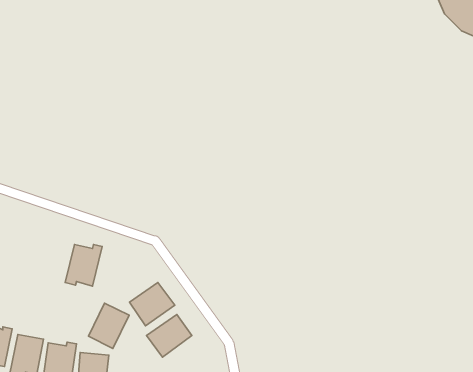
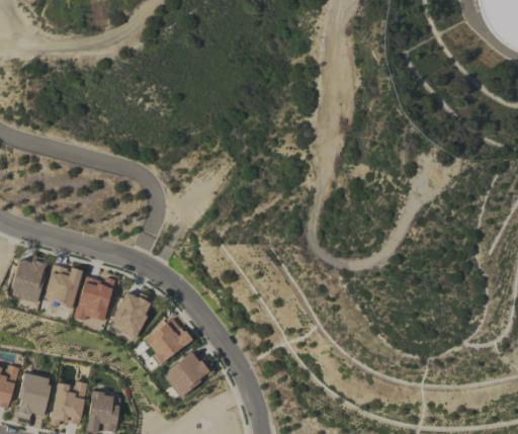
building: none -> [10,257,47,303]
building: none -> [45,264,82,307]
building: [88,303,129,348] -> [109,291,153,340]

